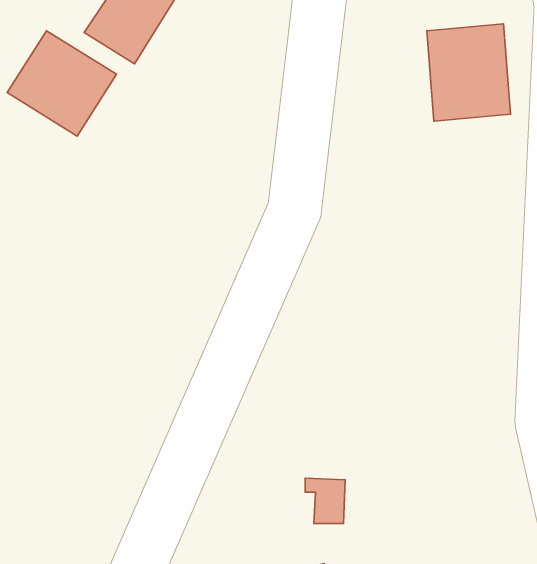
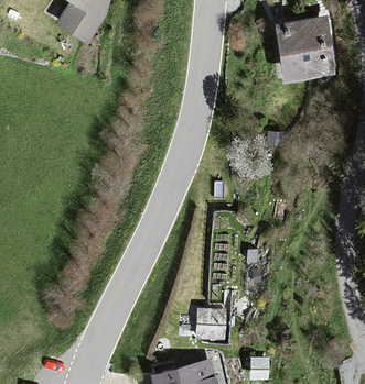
building: [7,31,117,136] -> none

